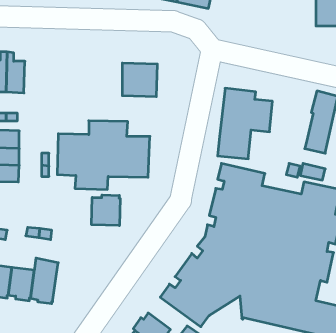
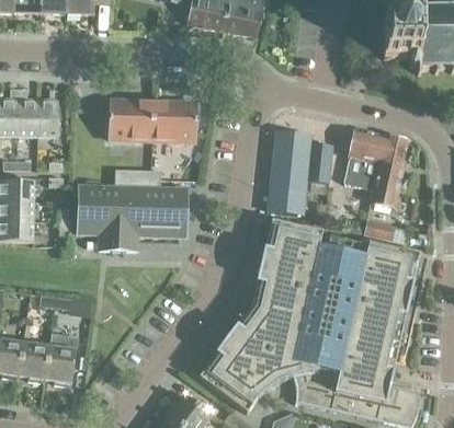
building: none -> [37,89,57,136]
building: none -> [109,100,154,139]
building: none -> [343,127,384,188]
building: [92,195,120,226] -> none

